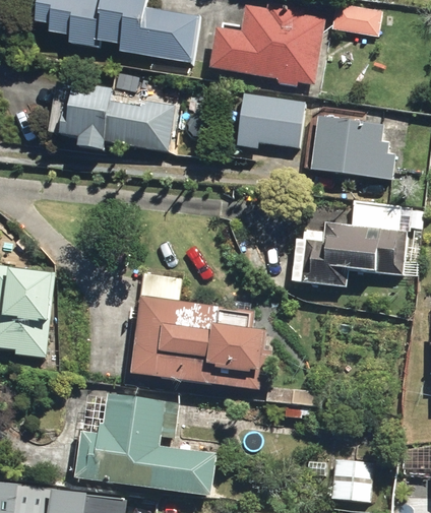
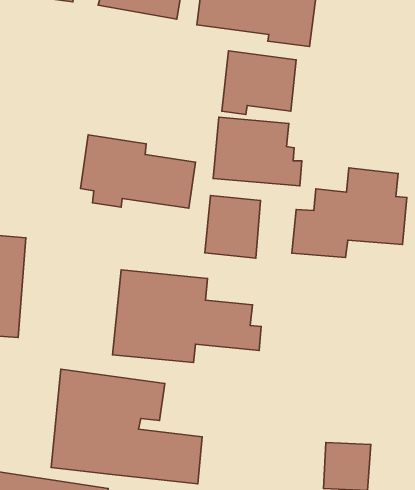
building: [67,82,174,150] -> [81,135,195,208]
building: [312,114,394,178] -> [213,117,302,186]
building: none -> [205,195,261,258]

